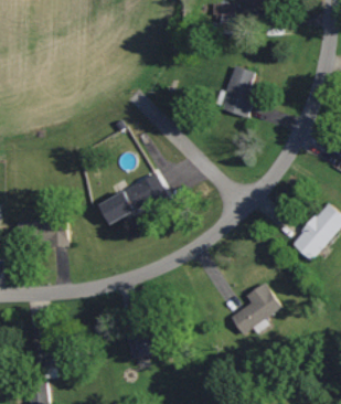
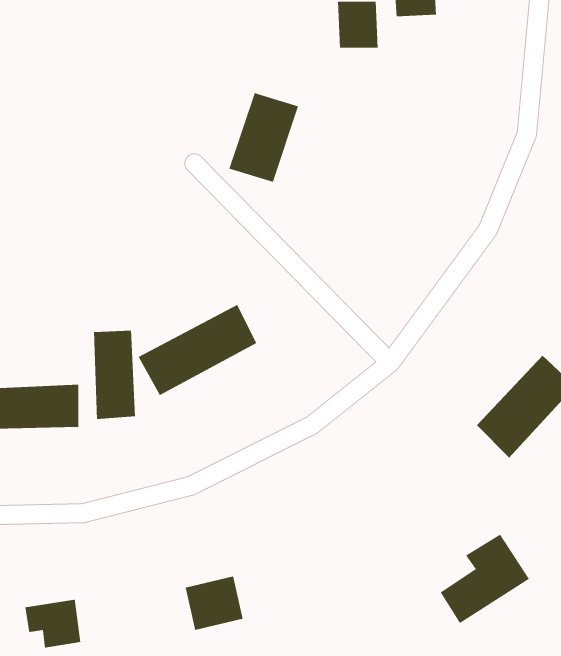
building: [219,65,258,116] -> [229,93,299,182]
building: none -> [93,330,135,420]
building: [230,283,280,333] -> [440,534,530,624]

